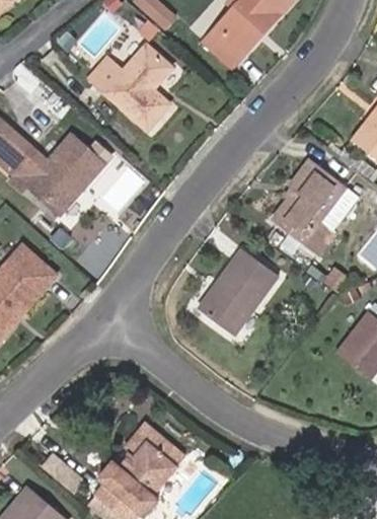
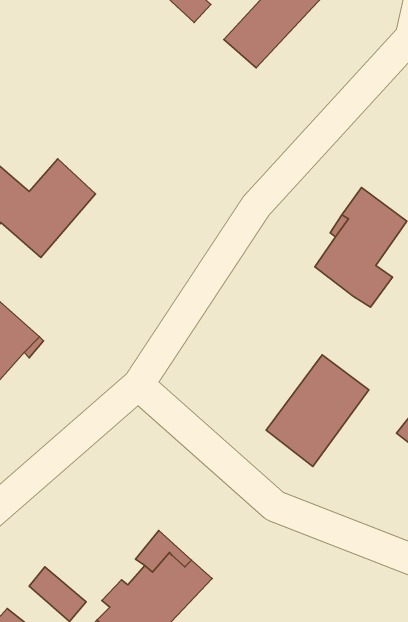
building: [89,47,171,131] -> none
building: [199,248,279,336] -> [266,355,369,467]

